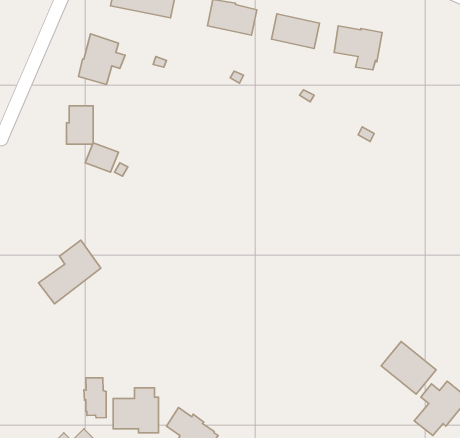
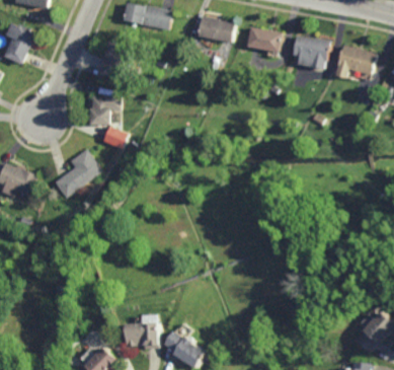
building: none -> [335,47,376,80]
building: [38,240,101,304] -> [54,147,101,196]
building: [381,342,436,394] -> none
building: [84,378,106,418] -> none

